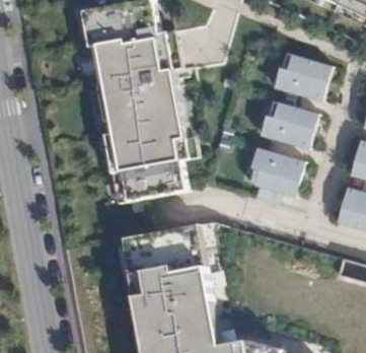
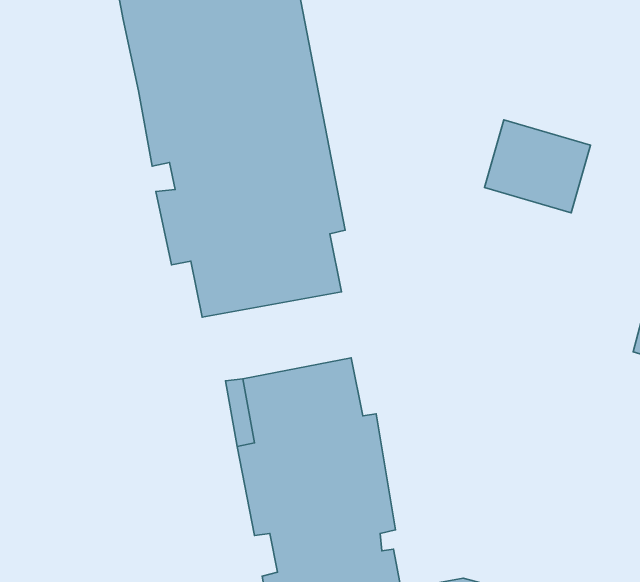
building: [275,53,330,100] -> none
building: [247,147,302,195] -> none

